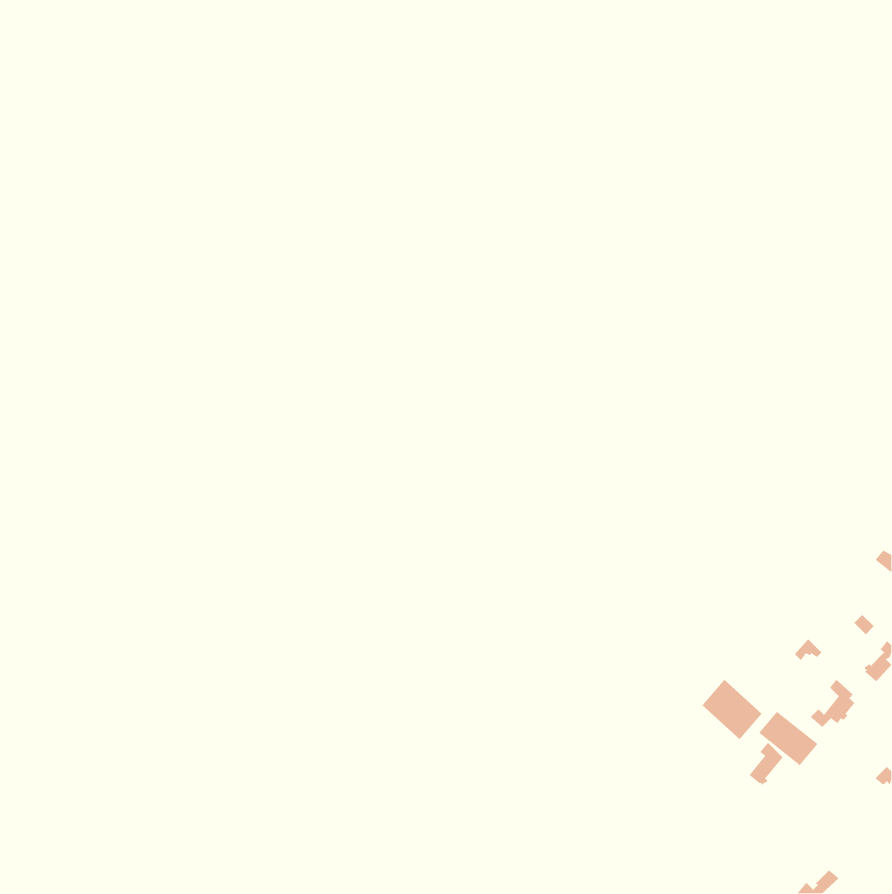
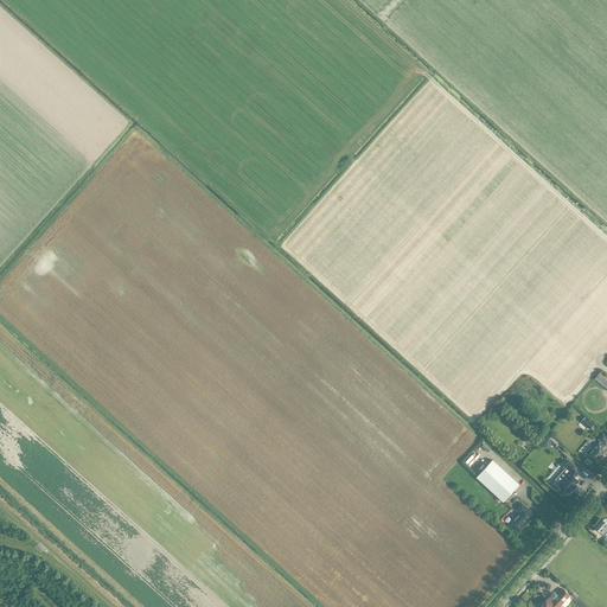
building: [758,711,819,766] -> none

